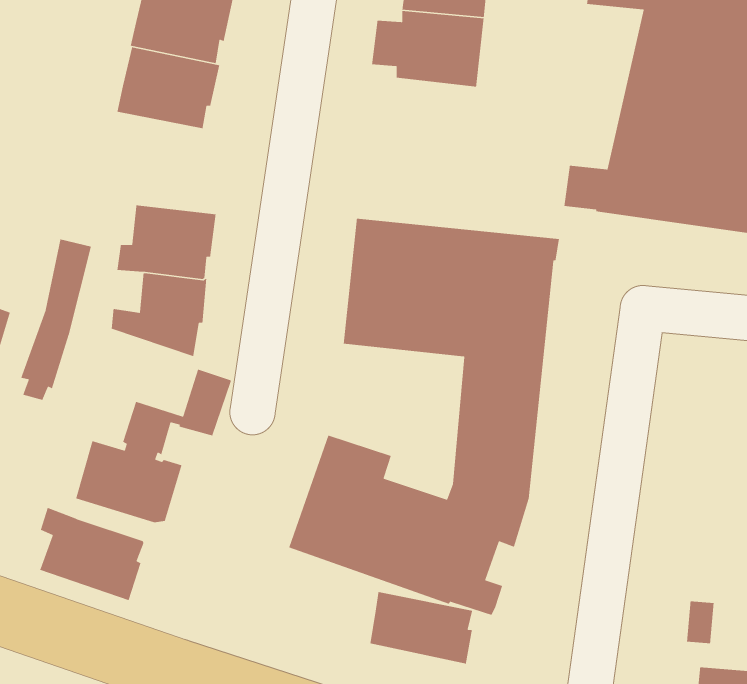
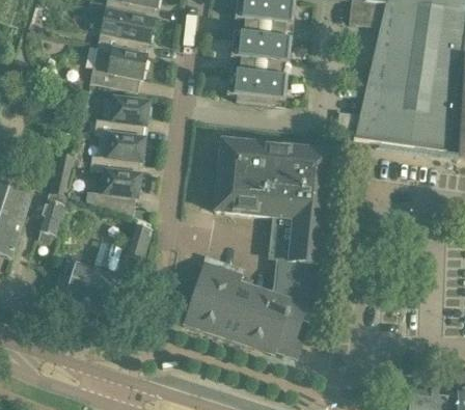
building: none -> [227,62,289,105]
building: none -> [94,95,149,137]
building: [39,507,144,601] -> none
building: [370,591,477,664] -> none

